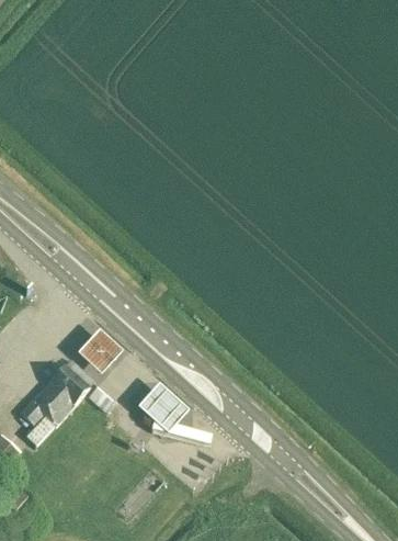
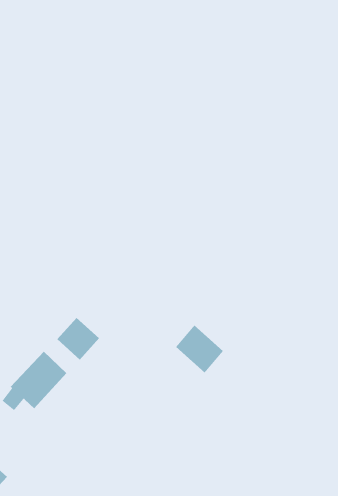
building: [139,383,190,433] -> [175,325,224,373]

